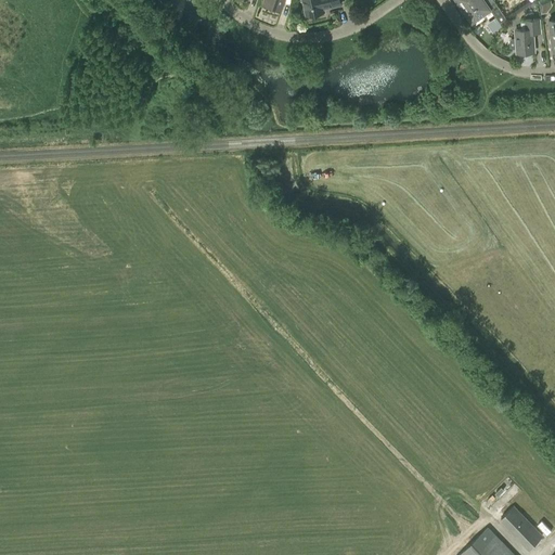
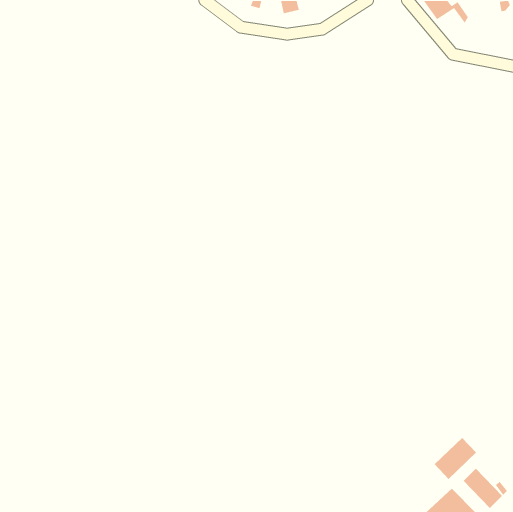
building: [509,21,540,54] -> none
building: none -> [434,437,477,480]

